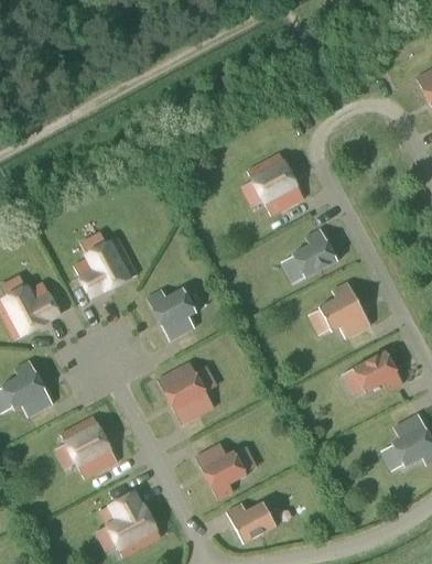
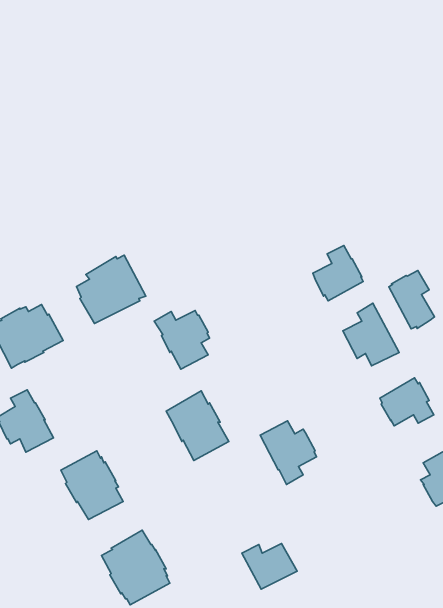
building: [247,153,304,217] -> none
building: none -> [389,270,434,329]
building: [194,443,246,501] -> [260,421,316,484]

